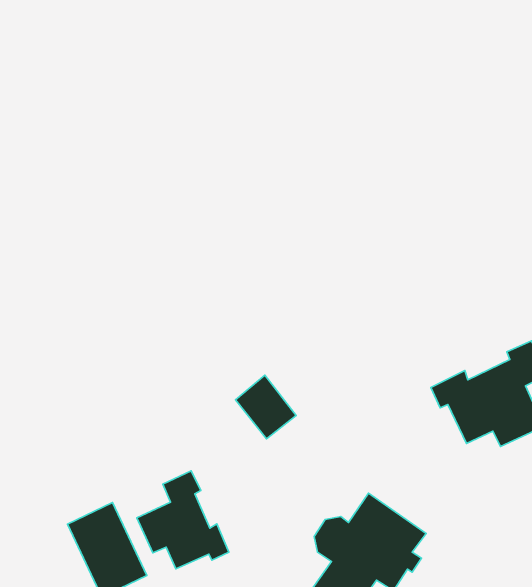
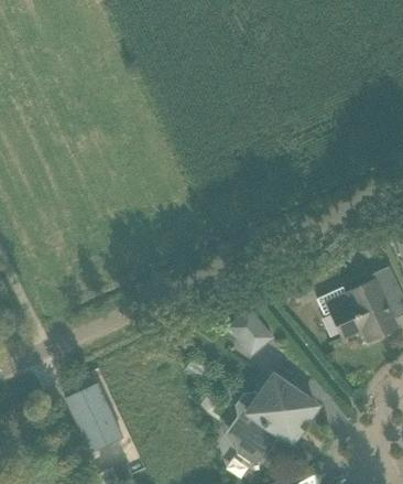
building: [235,375,296,439] -> [229,310,272,355]
building: [137,471,229,569] -> none

